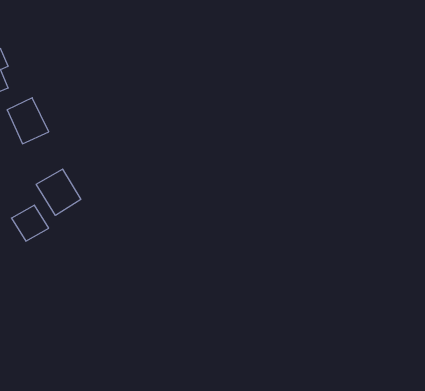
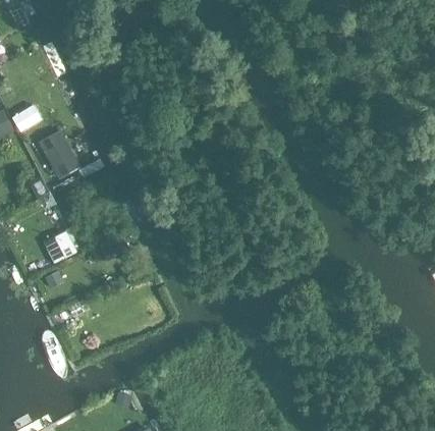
building: [36,169,81,215] -> none

